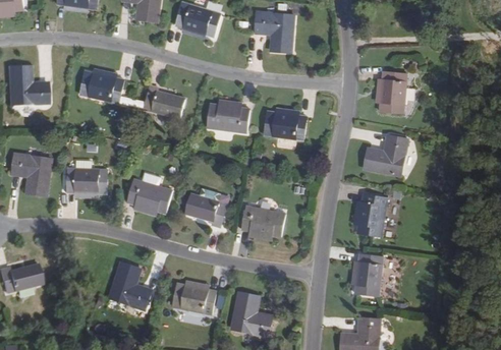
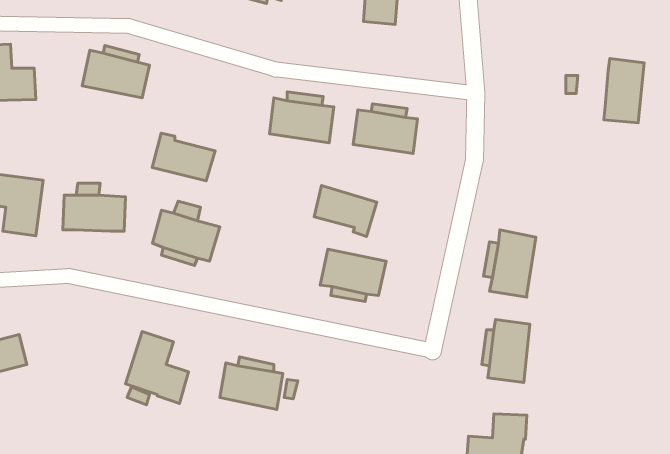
building: [379,70,406,114] -> [604,58,644,123]
building: [143,85,185,118] -> [152,133,215,181]
building: [364,134,407,176] -> none
building: [184,192,227,227] -> [314,186,377,236]
building: [231,292,272,337] -> none

